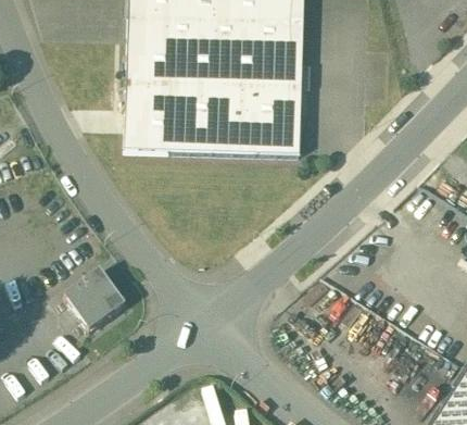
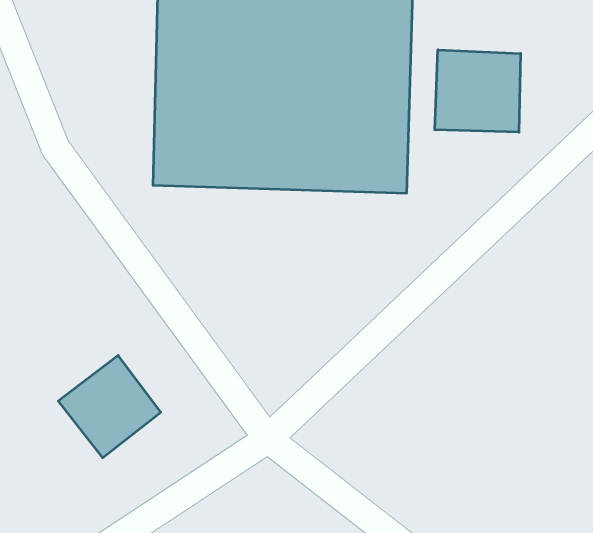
building: none -> [435,50,521,132]

